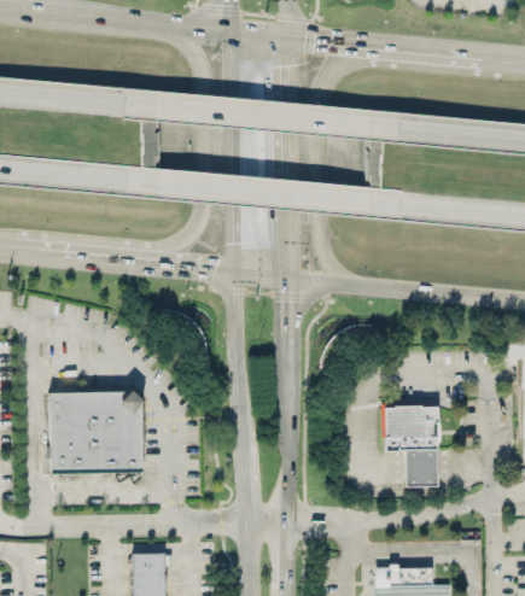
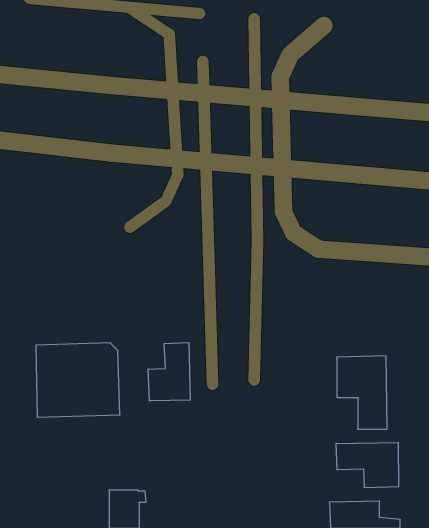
building: none -> [148,343,190,401]
building: none -> [336,442,399,488]

